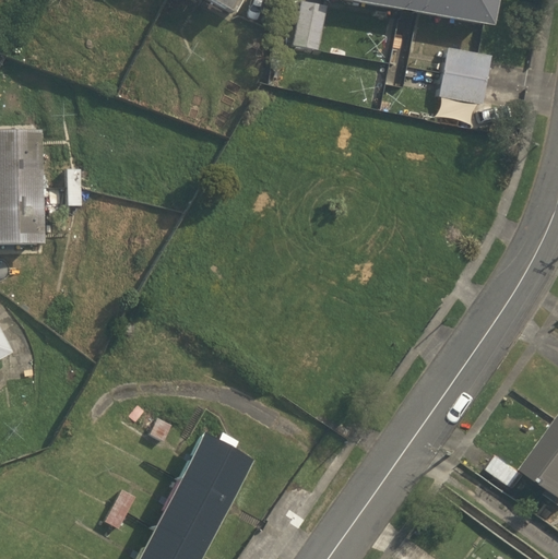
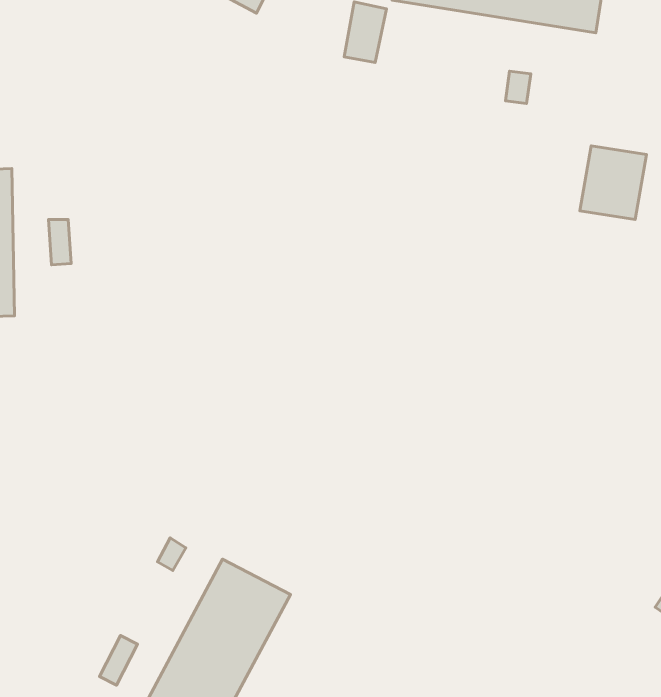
building: [439,47,490,104] -> [580,146,646,219]

